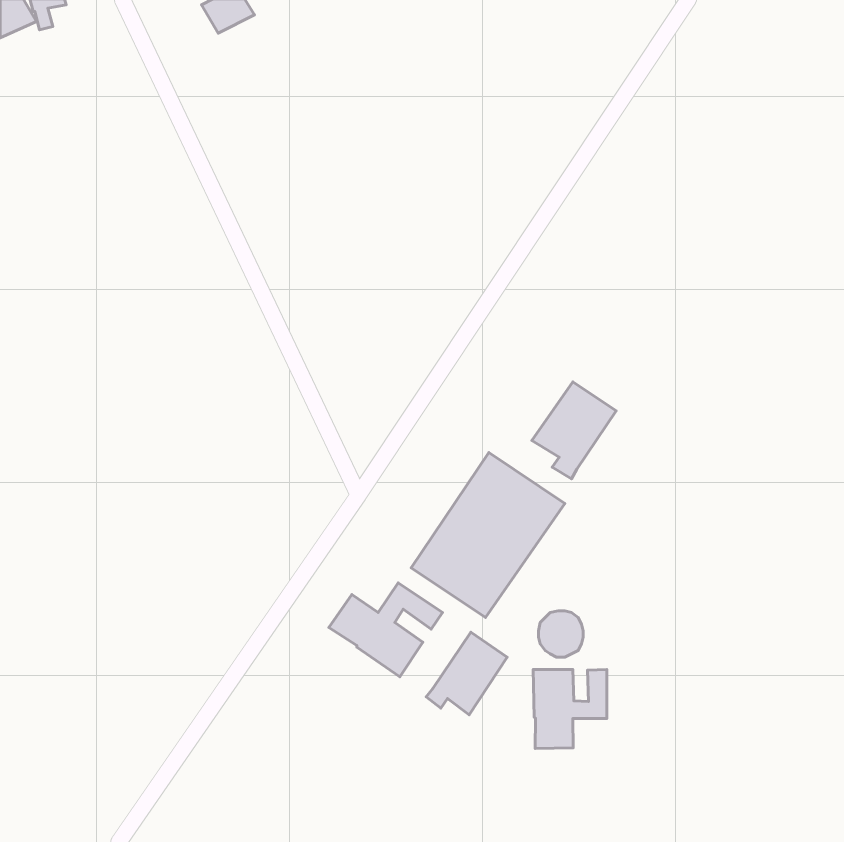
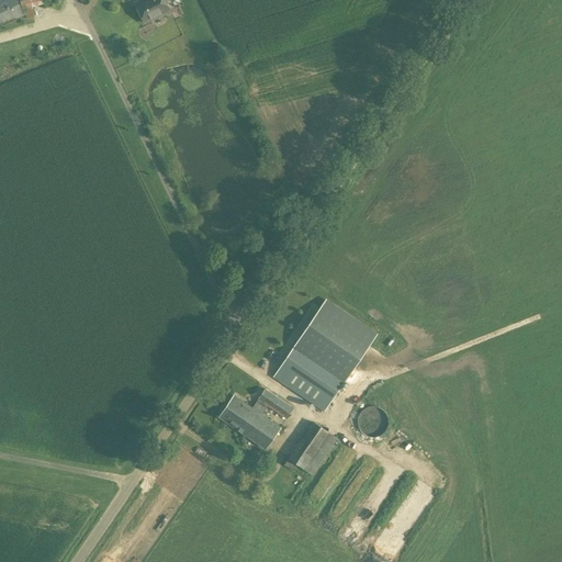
building: [532,382,616,479] -> none
building: [533,670,607,749] -> none

